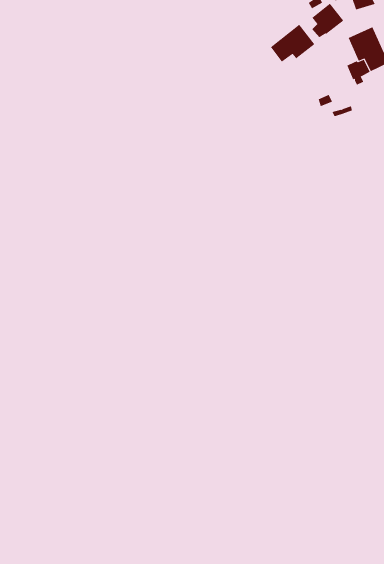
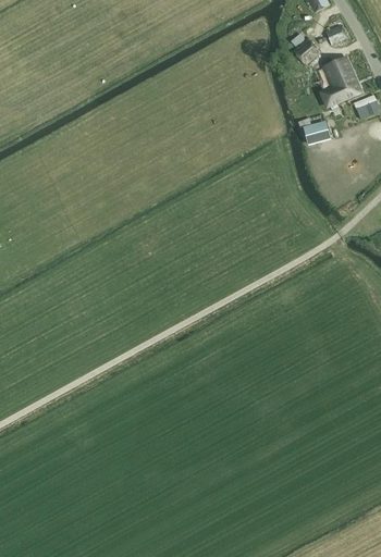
building: [270,24,315,62] -> none

